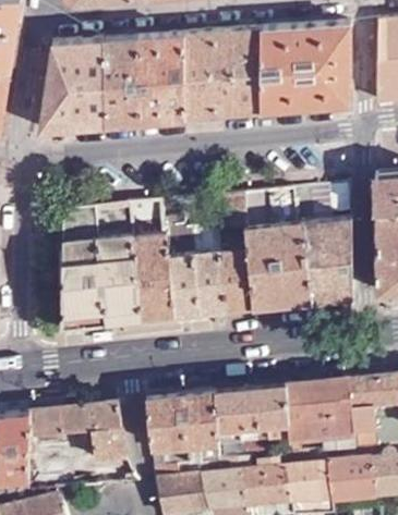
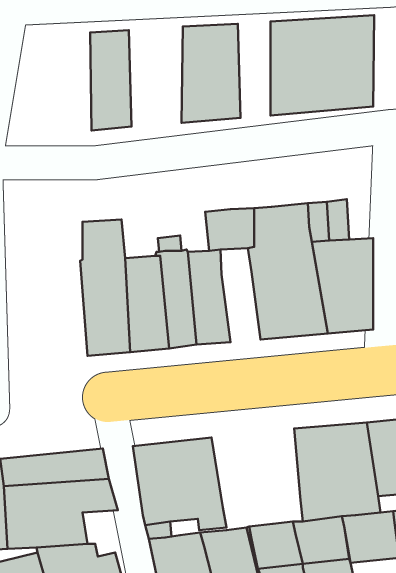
building: [233,32,262,115] -> none
building: [138,36,185,123] -> none
building: [40,41,106,132] -> none
building: [132,201,162,237] -> none
building: [59,206,102,327] -> none
building: [219,249,253,310] -> none
building: [210,385,288,454] -> none

